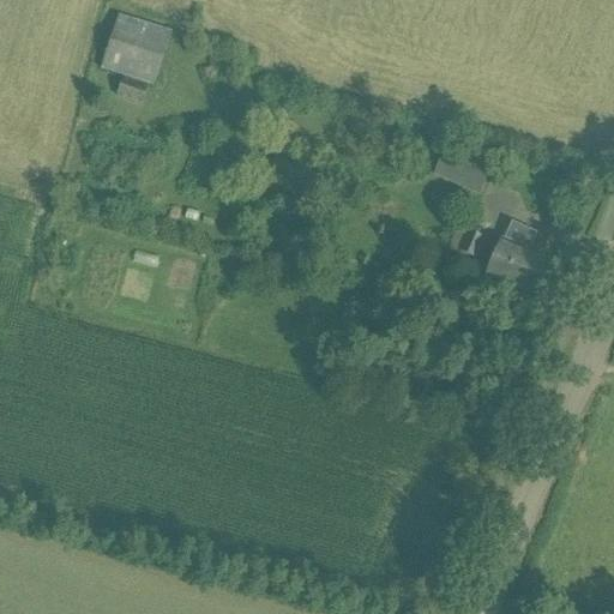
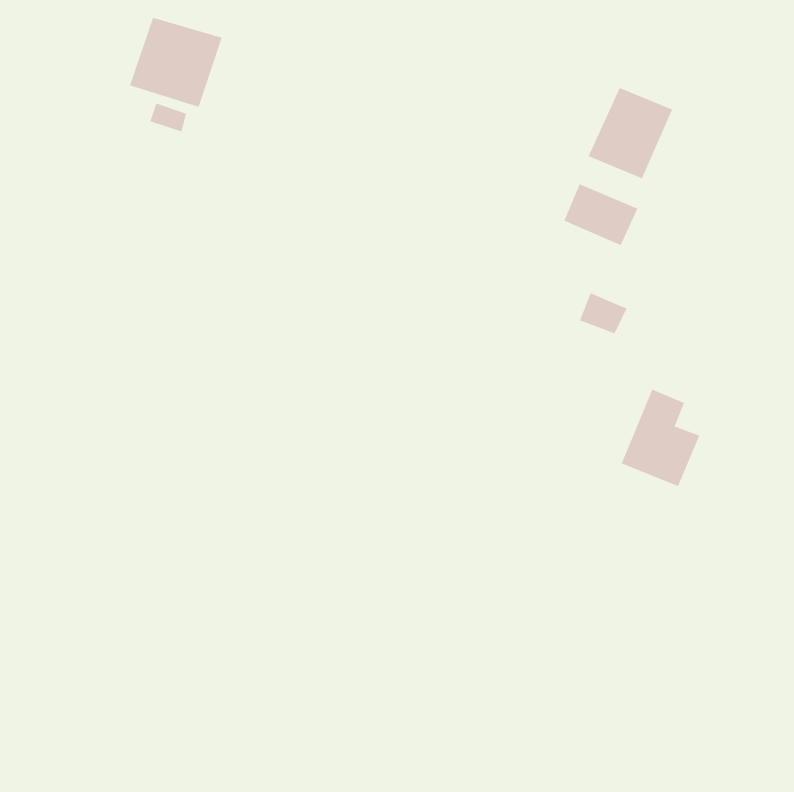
building: none -> [588,87,673,179]
building: [484,222,546,297] -> [621,389,700,487]

